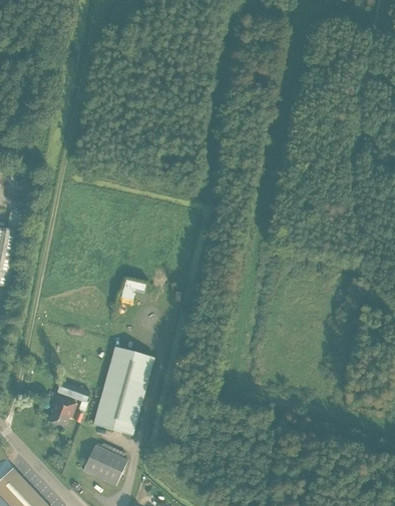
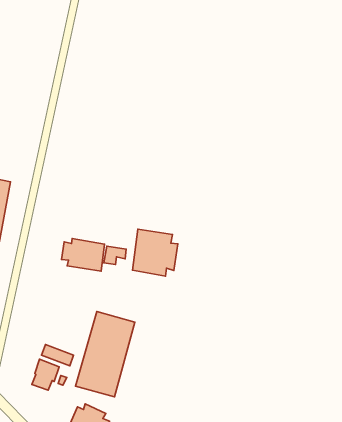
building: none -> [133,229,178,276]
building: none -> [61,239,104,271]

